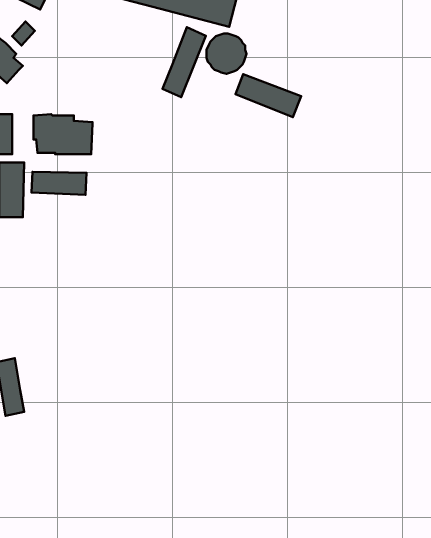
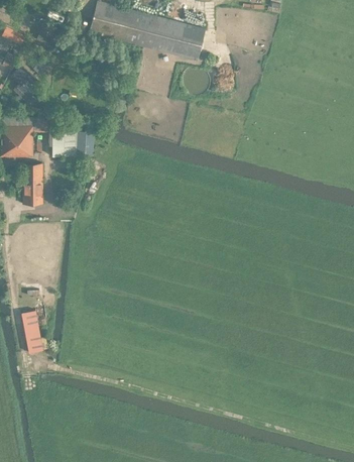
building: [162,27,206,97] -> none
building: [235,74,301,117] -> none
building: [32,172,86,195] -> none

